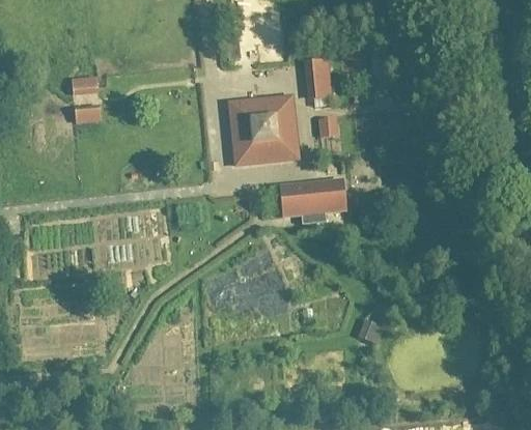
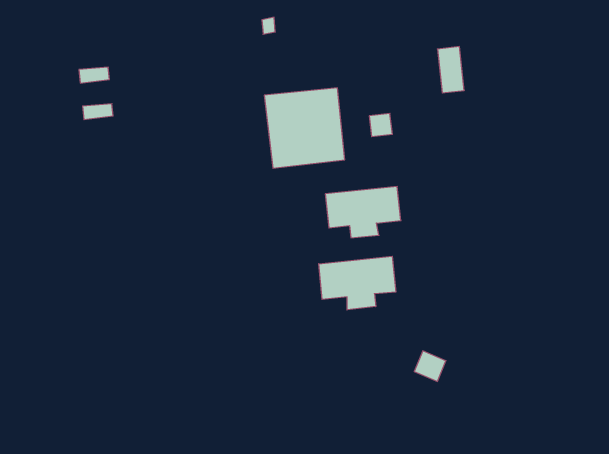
building: [308,58,331,97] -> [437,47,464,93]
building: none -> [319,256,396,310]

